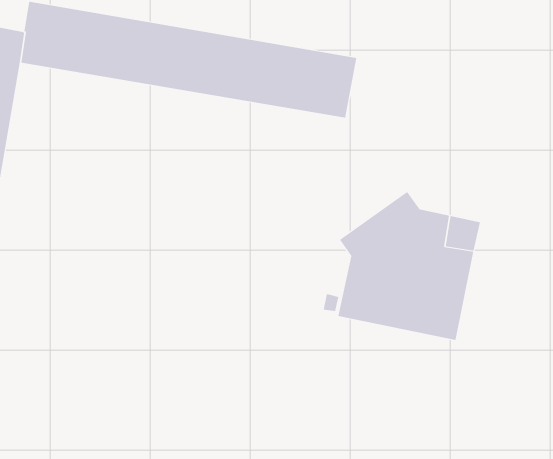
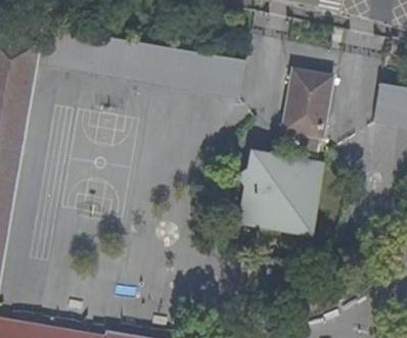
building: none -> [279,70,331,149]

